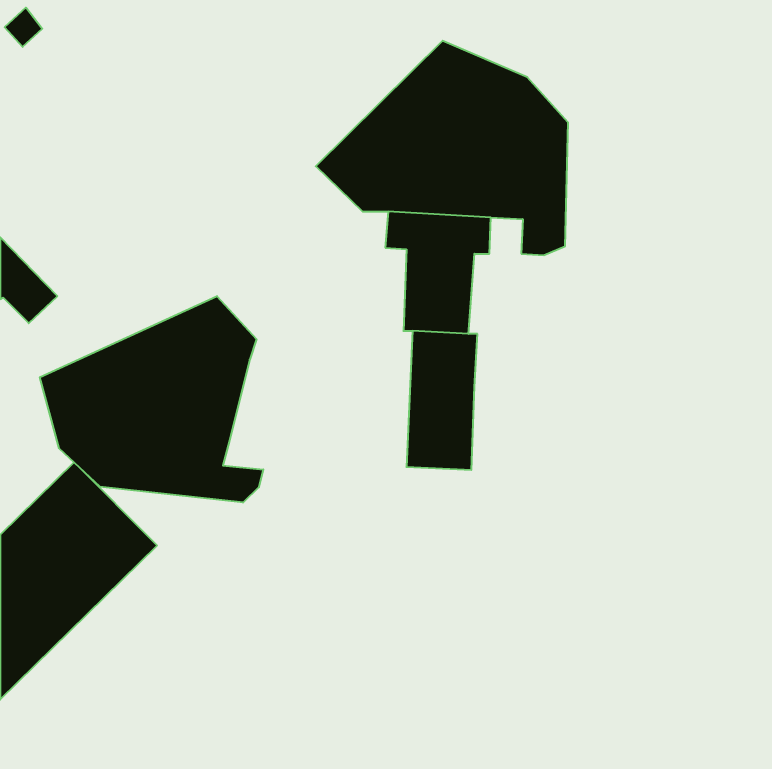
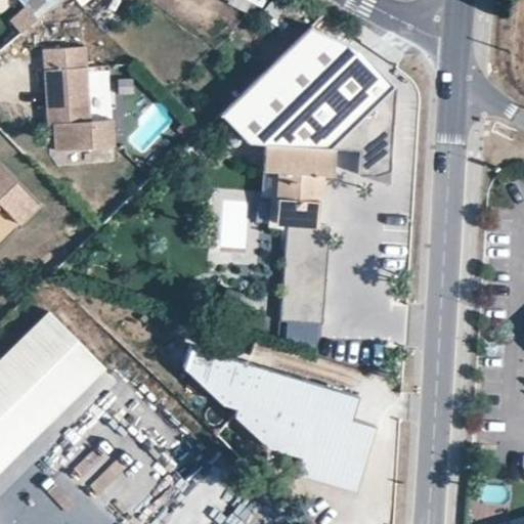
building: none -> [42,41,112,144]
building: [40,296,263,503] -> none
building: none -> [186,348,379,493]

